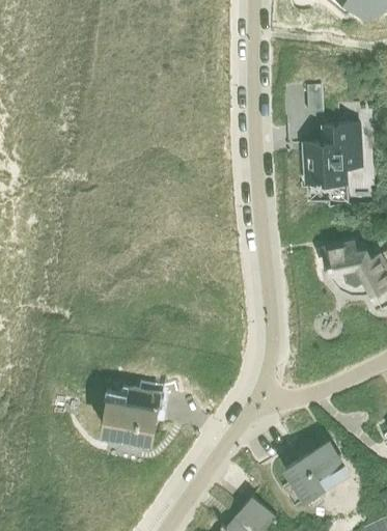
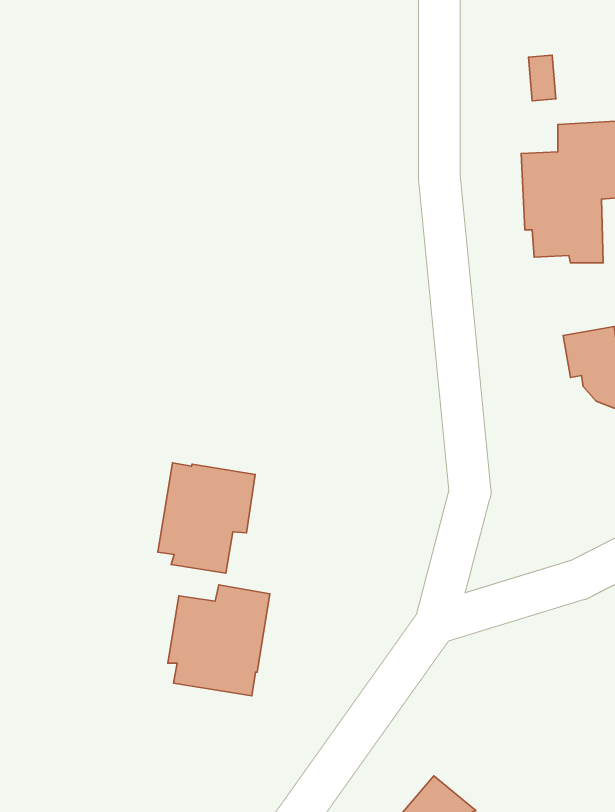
building: none -> [158,463,255,573]
building: [286,444,341,501] -> none

